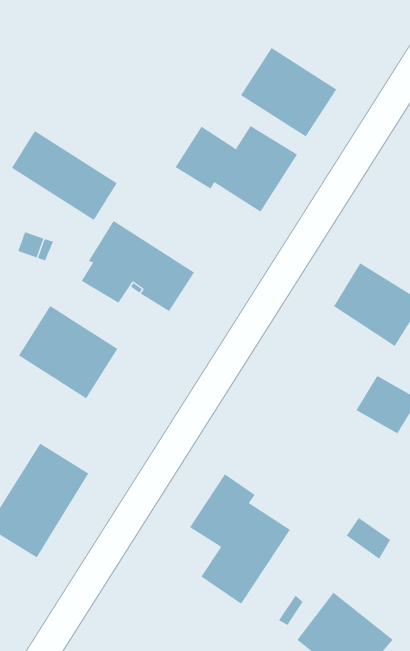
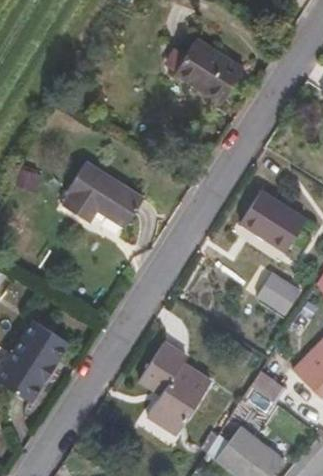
building: [175,125,298,212] -> none
building: [11,130,117,221] -> none
building: [18,305,118,399] -> none

